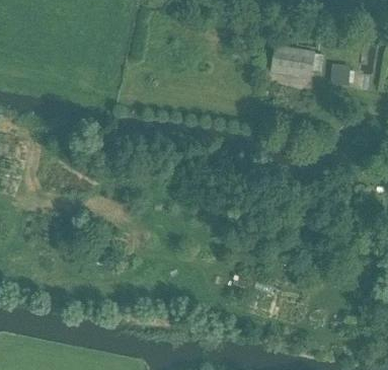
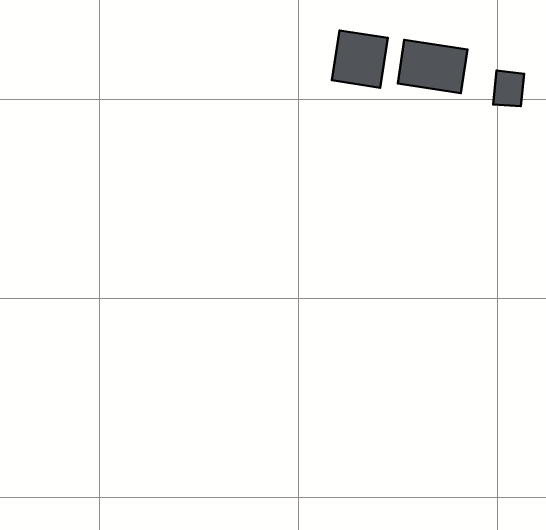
building: none -> [332,30,388,88]

